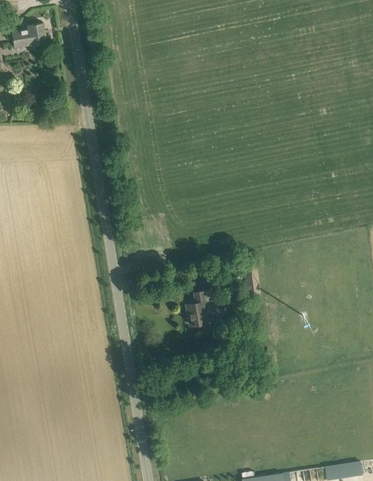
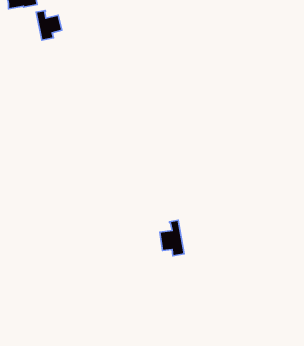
building: none -> [36,11,62,40]

